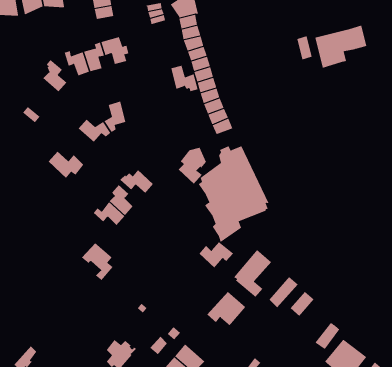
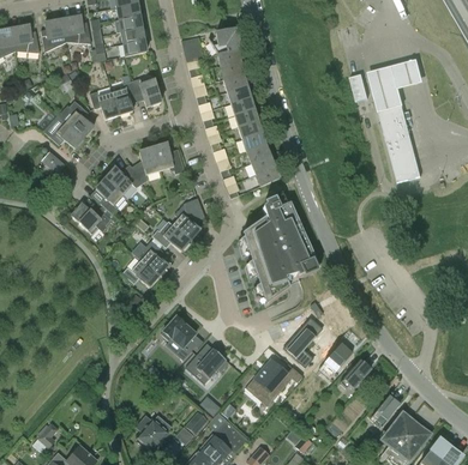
building: none -> [378,103,420,181]
building: [171,65,198,92] -> [152,143,184,173]
building: none -> [43,121,83,147]
building: none -> [95,177,126,213]
building: [178,147,207,185] -> [172,198,204,240]
building: [198,242,234,268] -> [188,348,228,378]
building: [81,242,113,281] -> [160,315,196,358]

